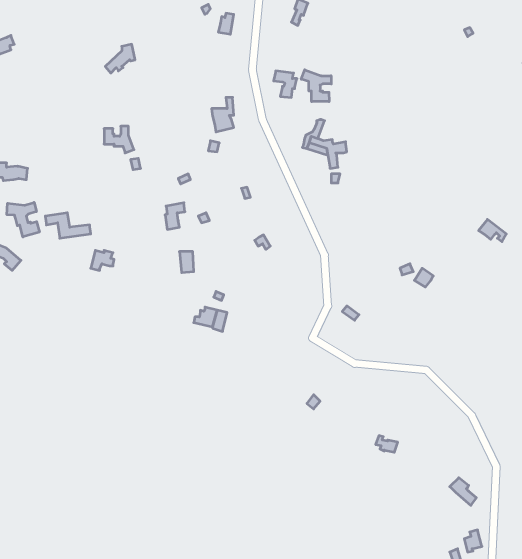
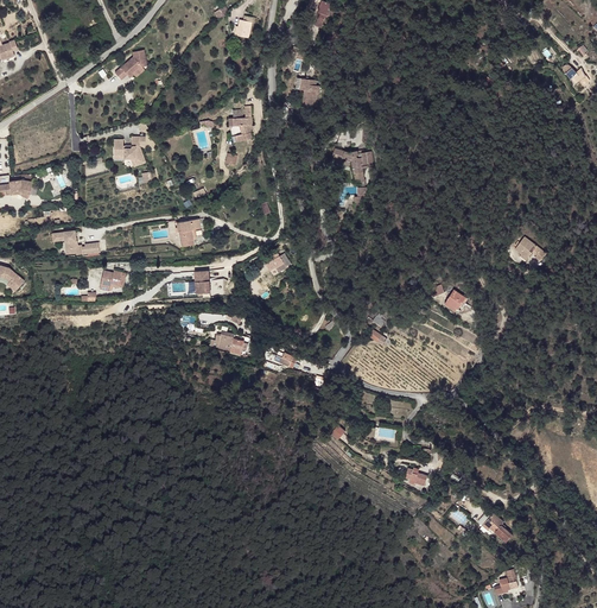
building: [301,70,331,102] -> none
building: [7,202,39,237] -> none

